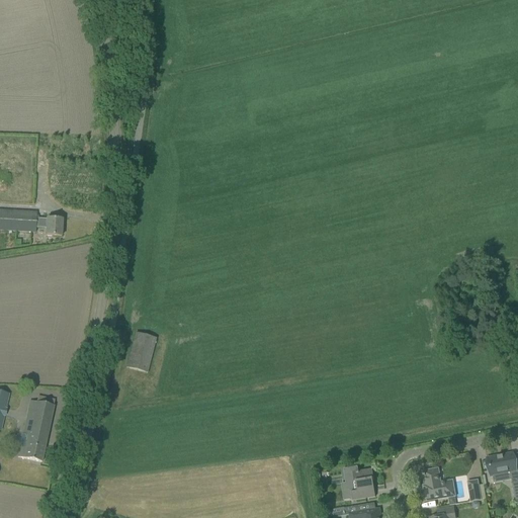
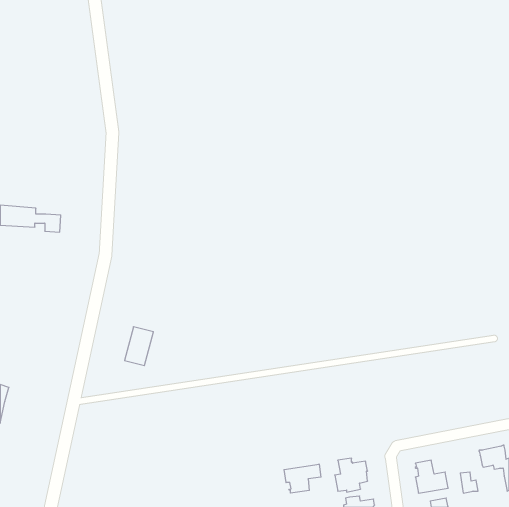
building: [17,396,54,461] -> none
building: none -> [284,464,321,493]

